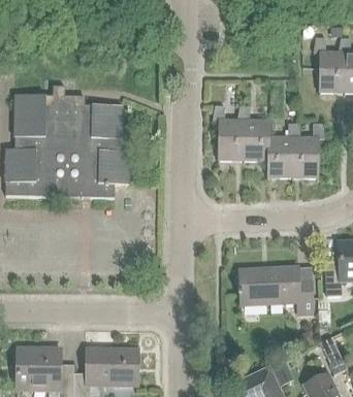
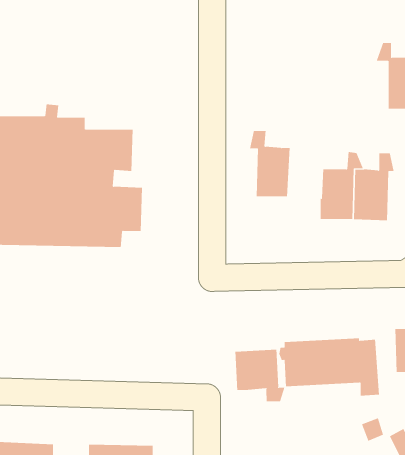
building: [237,107,269,159] -> none
building: none -> [235,349,285,402]

